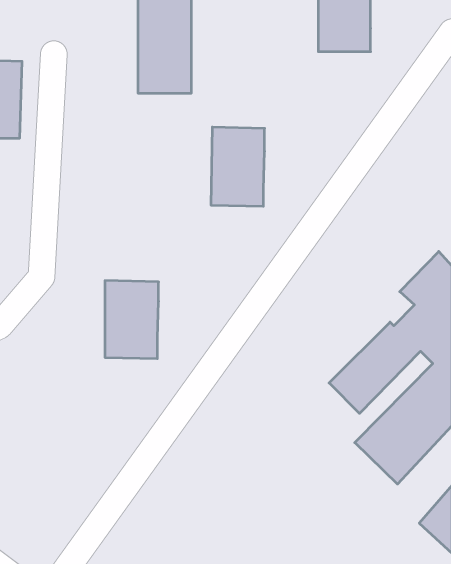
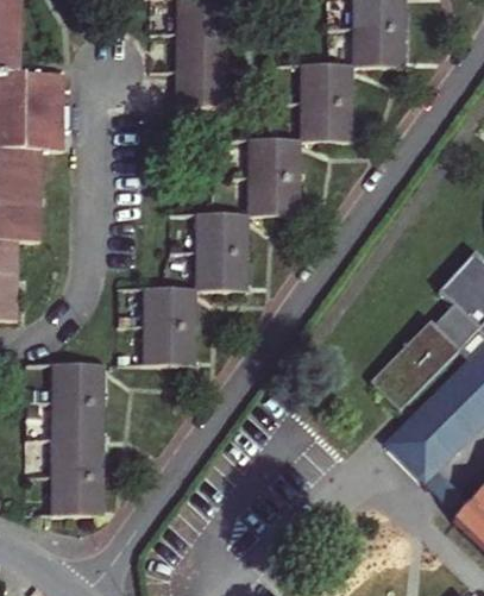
building: none -> [300,63,352,139]
building: none -> [196,212,247,289]
building: none -> [51,363,103,513]

